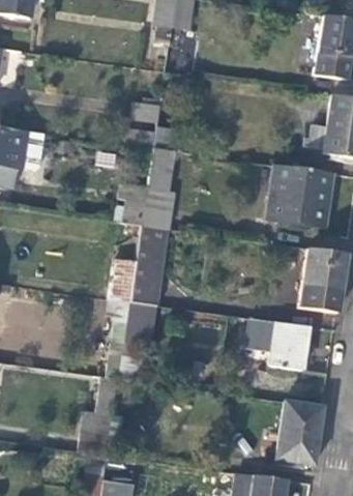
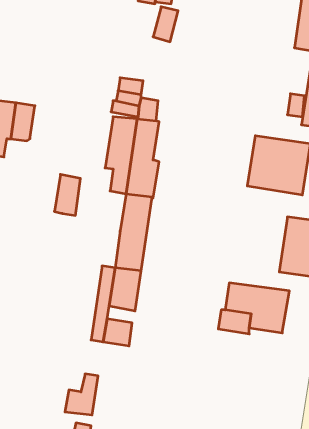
building: [109,259,136,301] -> [54,174,80,215]
building: [276,401,323,462] -> none

